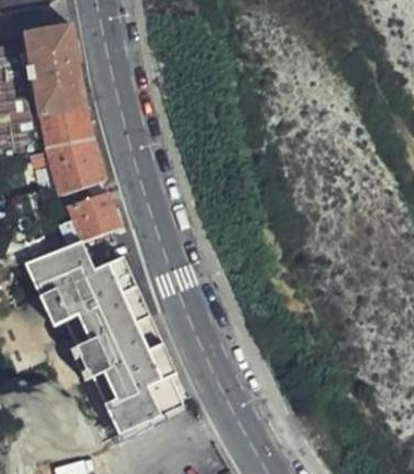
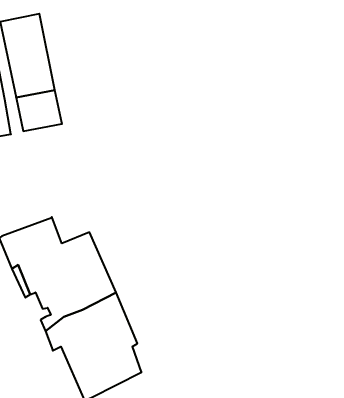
building: [51,141,105,193] -> none
building: [70,191,119,240] -> none

